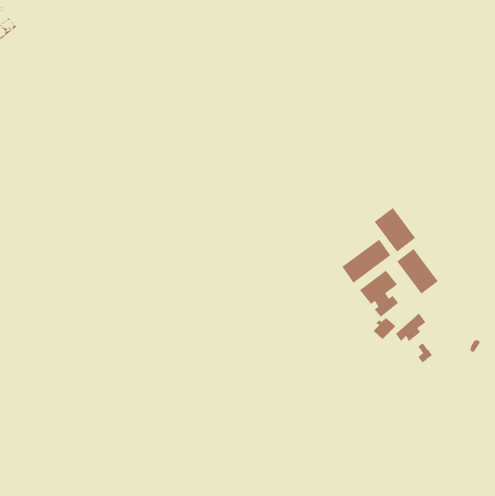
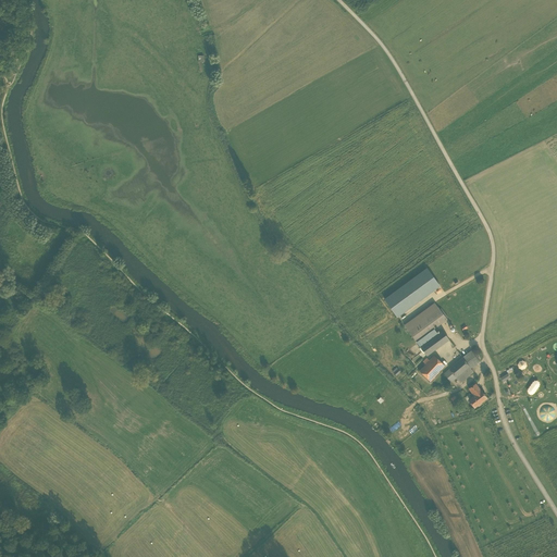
building: [374,207,416,253] -> none
building: [397,248,438,295] -> none

